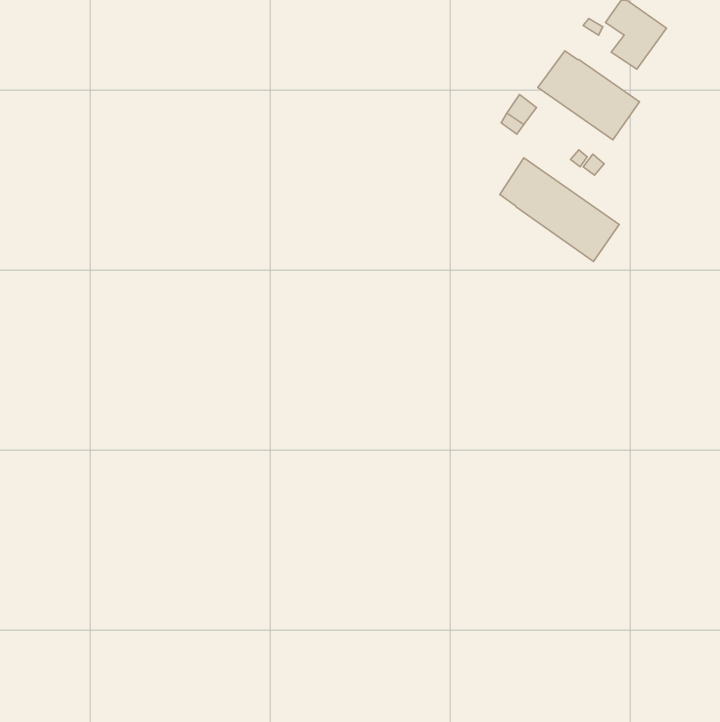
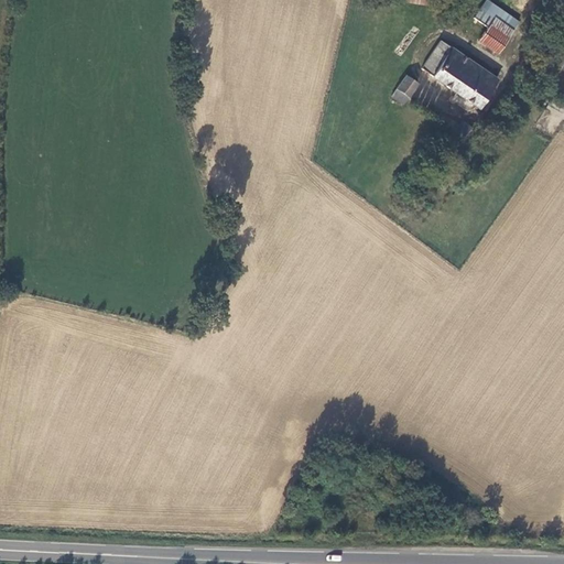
building: [500,158,619,261] -> none

